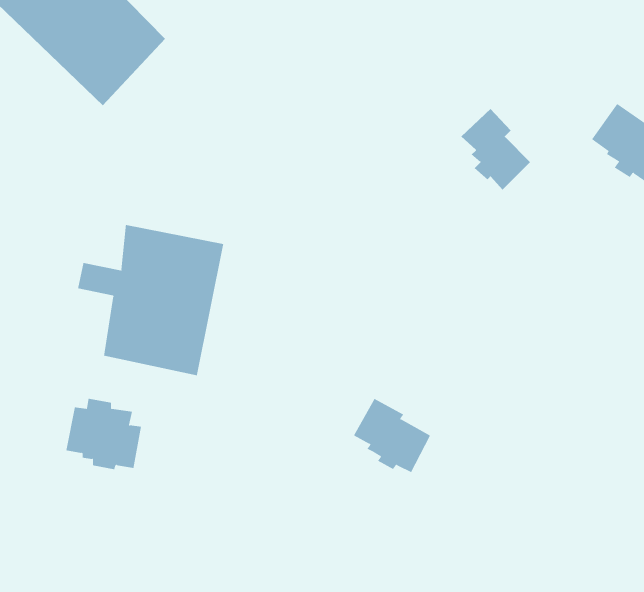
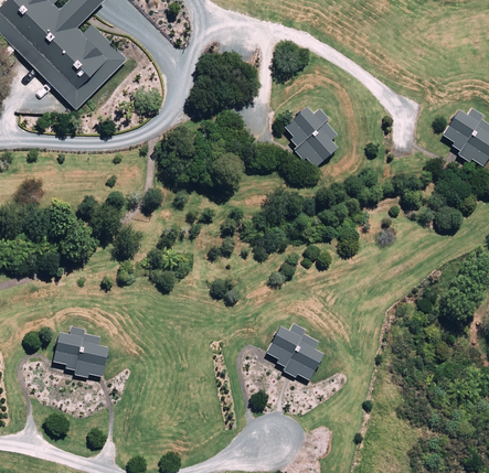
building: [460,108,531,190] -> [284,106,336,166]
building: [77,224,224,376] -> none

